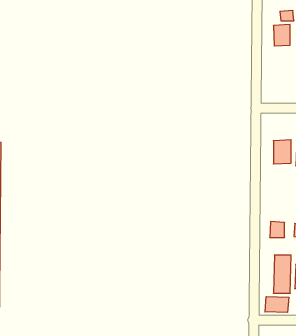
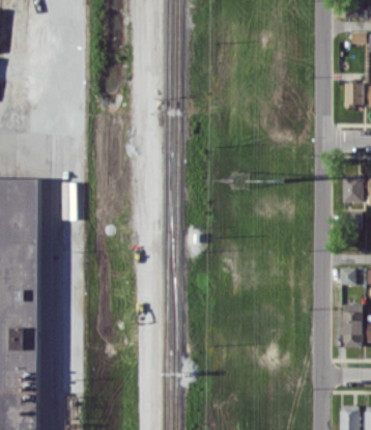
building: [273,25,290,46] -> [343,83,362,107]
building: [265,297,289,312] -> none

